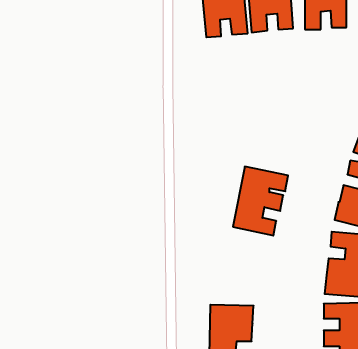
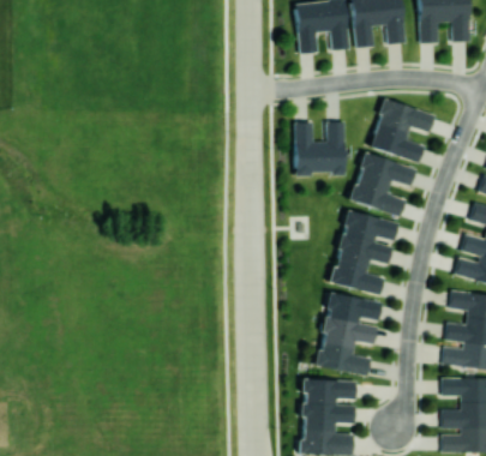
building: none -> [370,98,434,161]
building: none -> [294,121,346,175]
building: none -> [350,151,415,216]
building: none -> [317,292,382,374]

